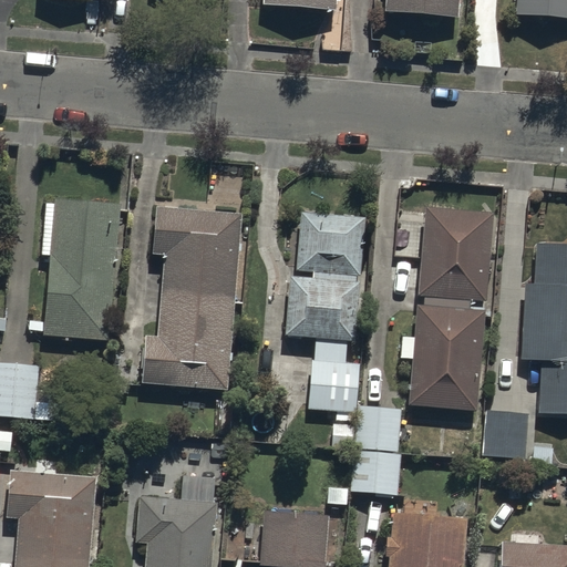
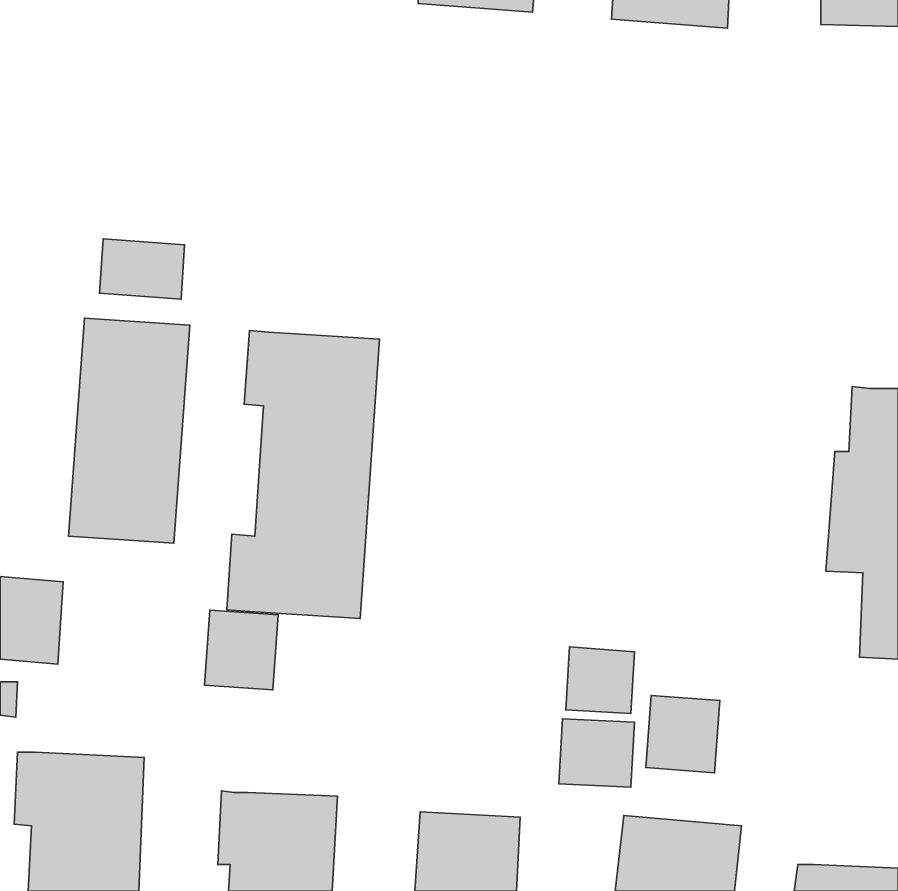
building: none -> [100,239,185,299]
building: [410,207,491,411] -> none
building: [286,212,365,412] -> none
building: none -> [205,610,278,690]
building: [483,411,529,460] -> [646,695,720,773]

